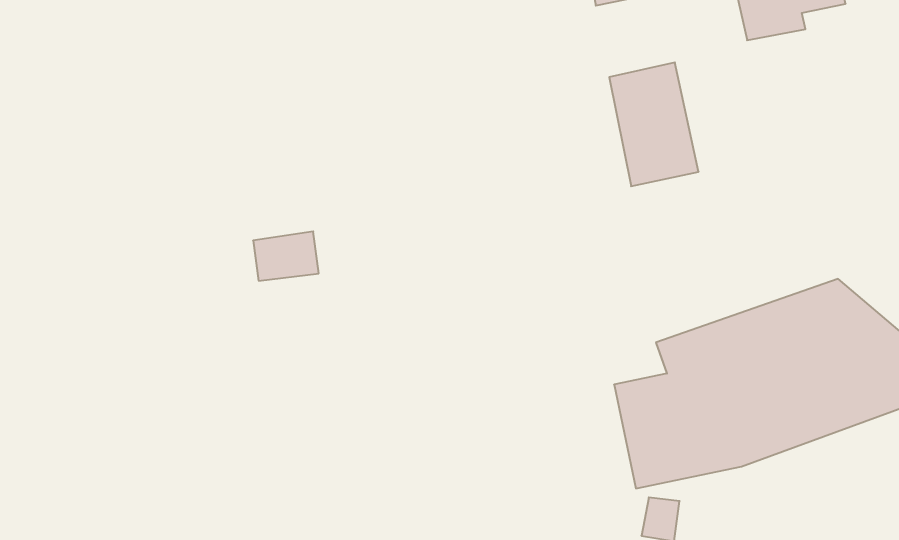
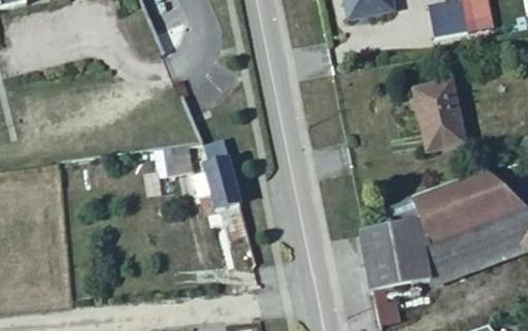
building: [609,62,699,186] -> [415,80,465,151]
building: none -> [193,139,248,237]

